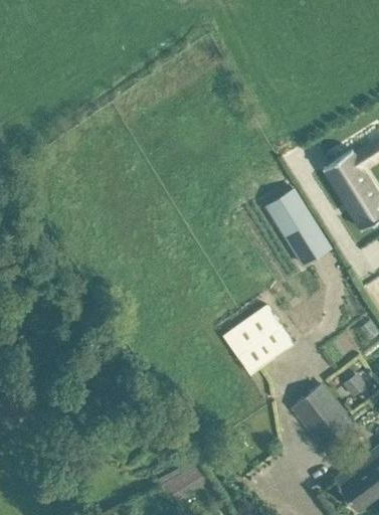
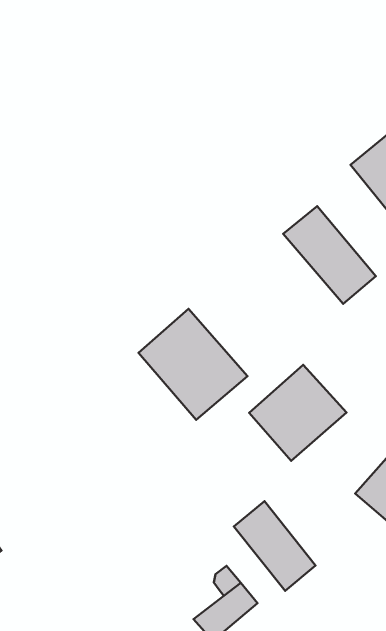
building: none -> [138,309,248,420]
building: none -> [234,501,316,591]

